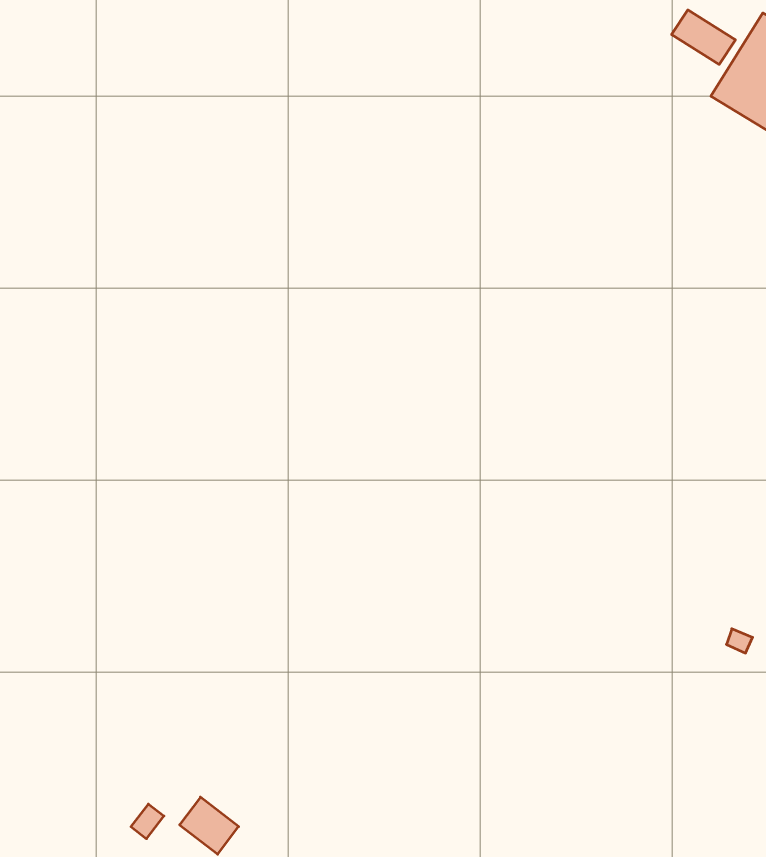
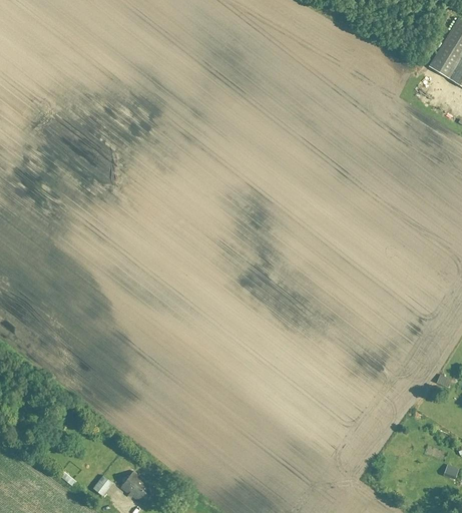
building: [672,10,735,64] -> none

